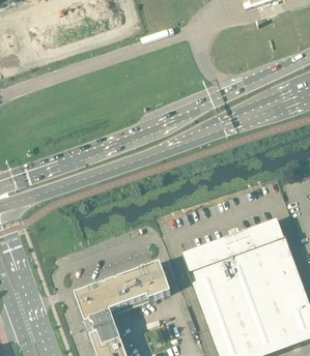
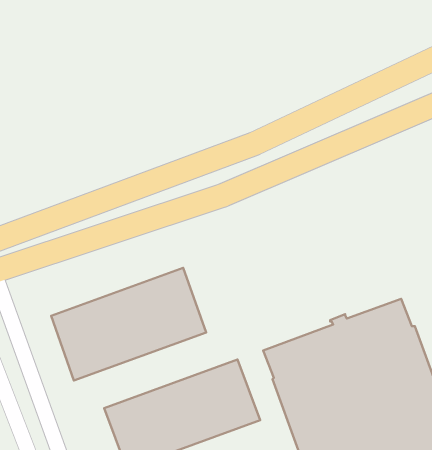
building: none -> [51,268,206,380]

